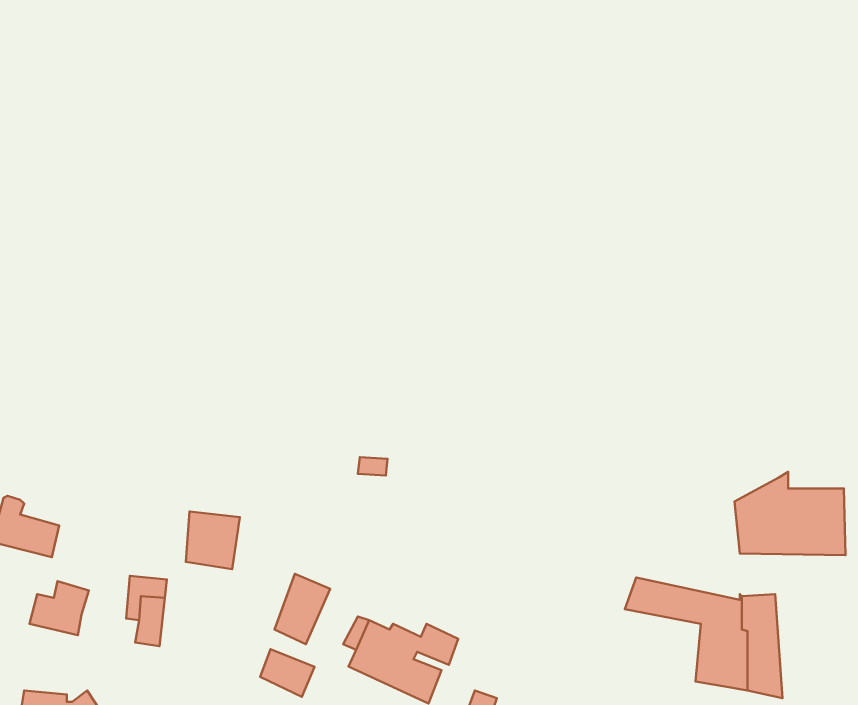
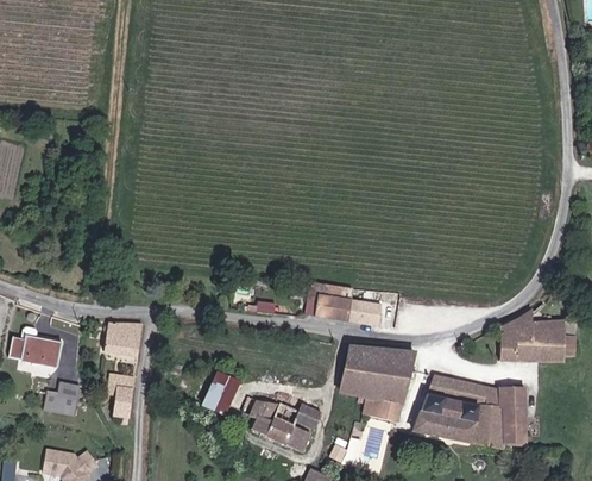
building: none -> [314,296,380,326]
building: [186,512,240,569] -> [107,321,141,358]
building: none -> [341,348,414,421]
building: none -> [414,395,477,442]
building: [260,649,314,697] -> none

